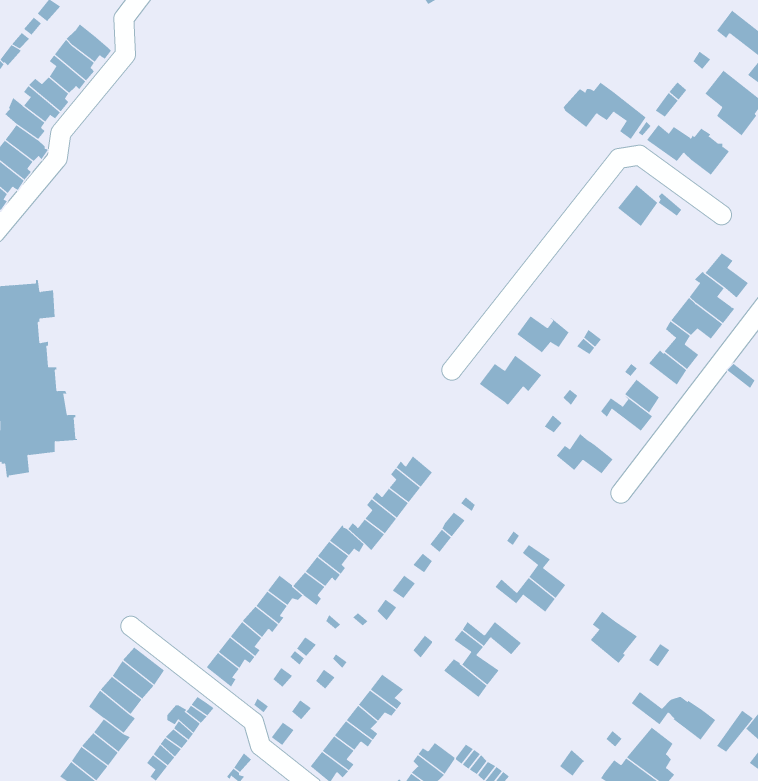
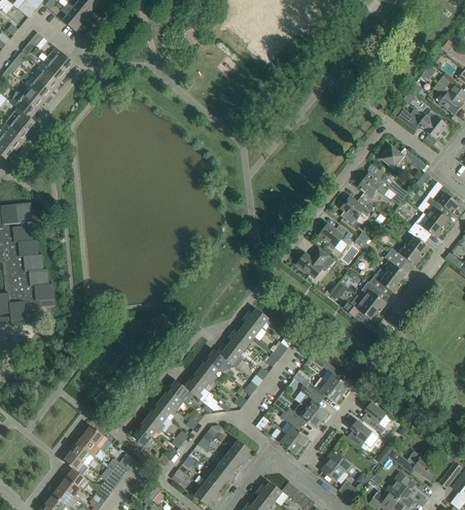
building: [563,82,646,140] -> [358,170,408,205]
building: none -> [341,196,374,219]
building: none -> [361,281,387,312]
building: none -> [300,387,328,421]
building: none -> [349,419,379,447]
building: none -> [322,450,350,480]

